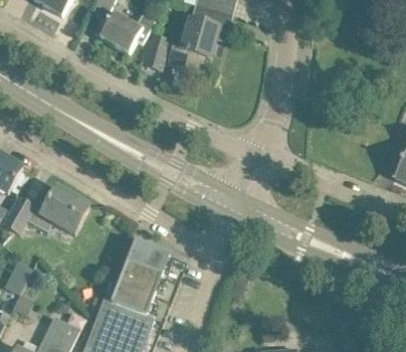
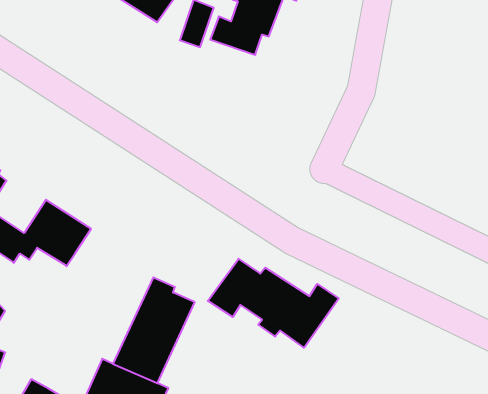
building: none -> [208,259,339,348]

